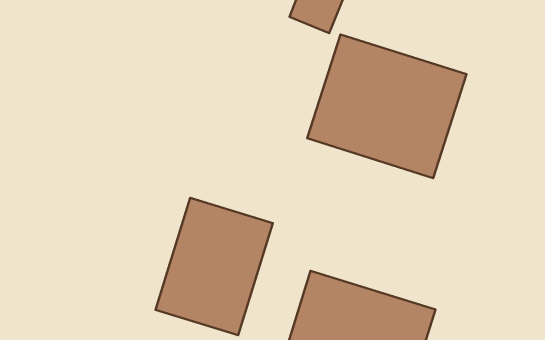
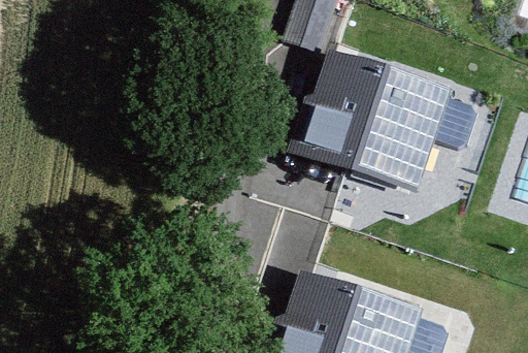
building: [156,198,273,335] -> none

